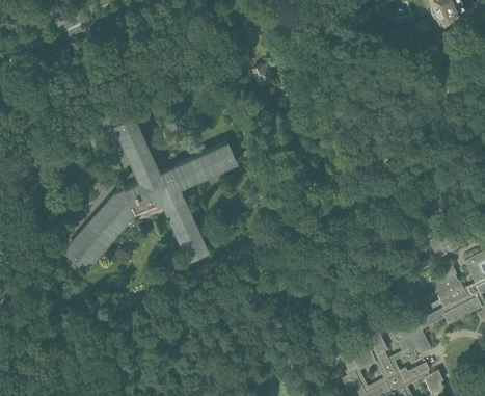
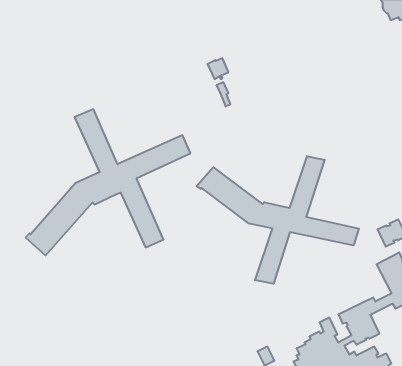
building: none -> [197,156,359,284]

